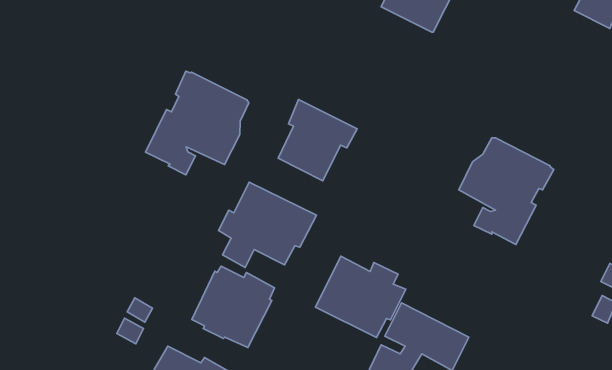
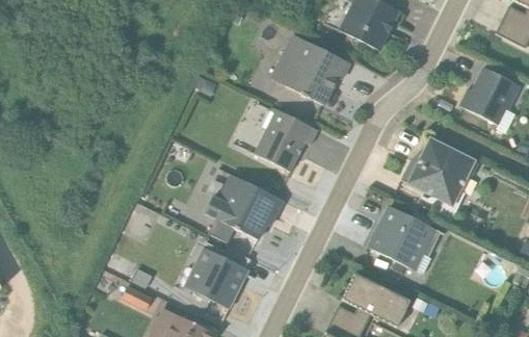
building: none -> [270,34,350,106]
building: none -> [458,67,521,133]
building: [145,71,249,175] -> none
building: [315,256,406,338] -> [366,205,440,271]

